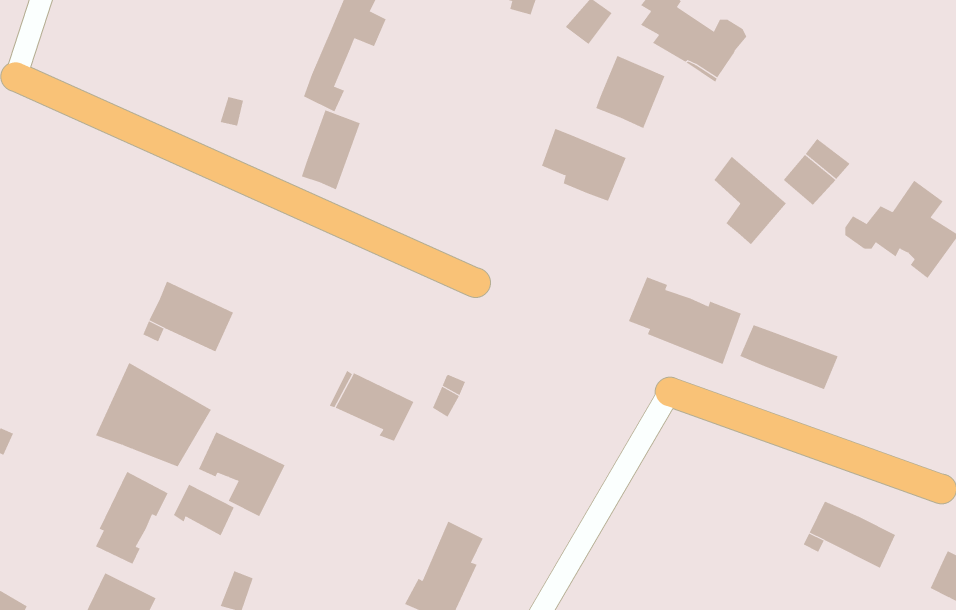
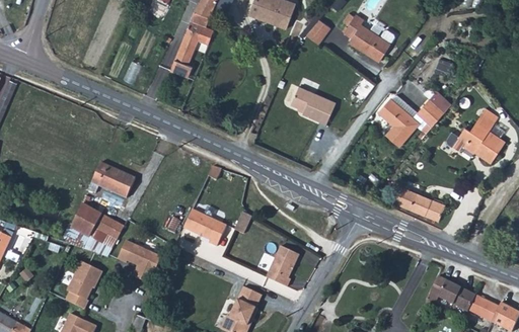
building: [596,55,665,129] -> none
building: [301,110,360,190] -> none
building: [628,276,742,365] -> none
building: none -> [266,244,299,284]
building: [173,484,235,536] -> none
building: none -> [466,293,498,320]

